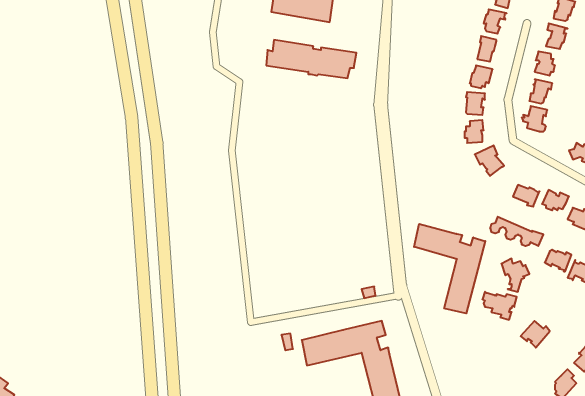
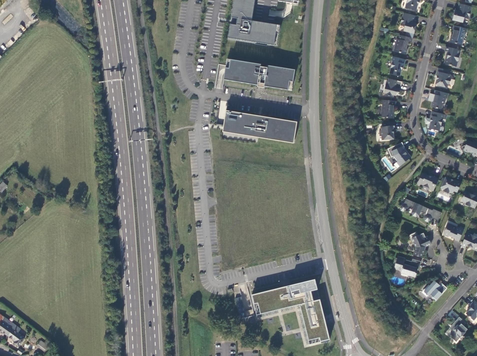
building: none -> [223,109,294,142]
building: [414,224,485,313] -> none

